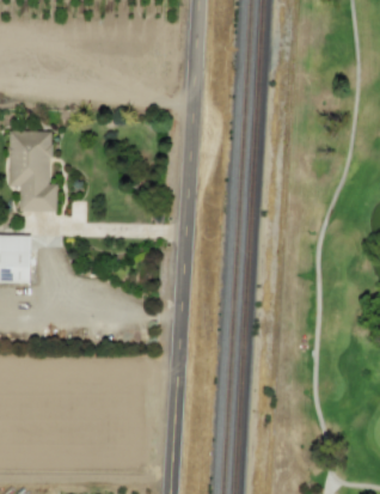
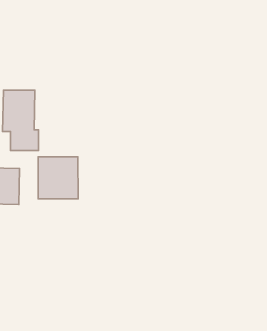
building: none -> [38,157,78,199]

